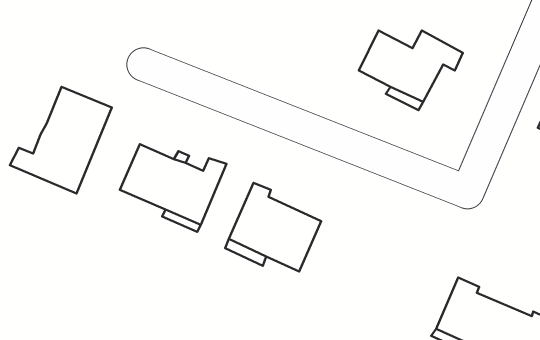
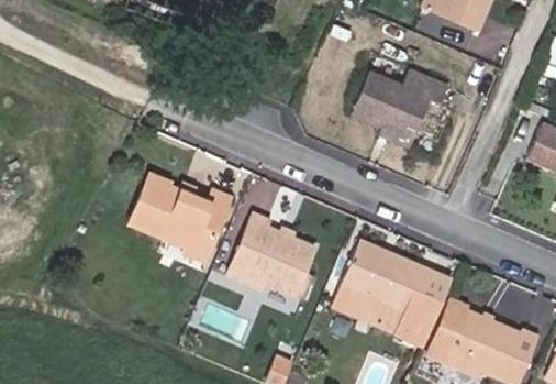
building: [10,87,112,193] -> none
building: none -> [332,245,451,343]

